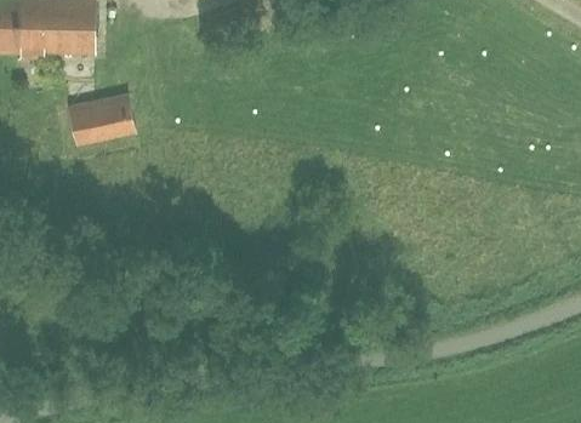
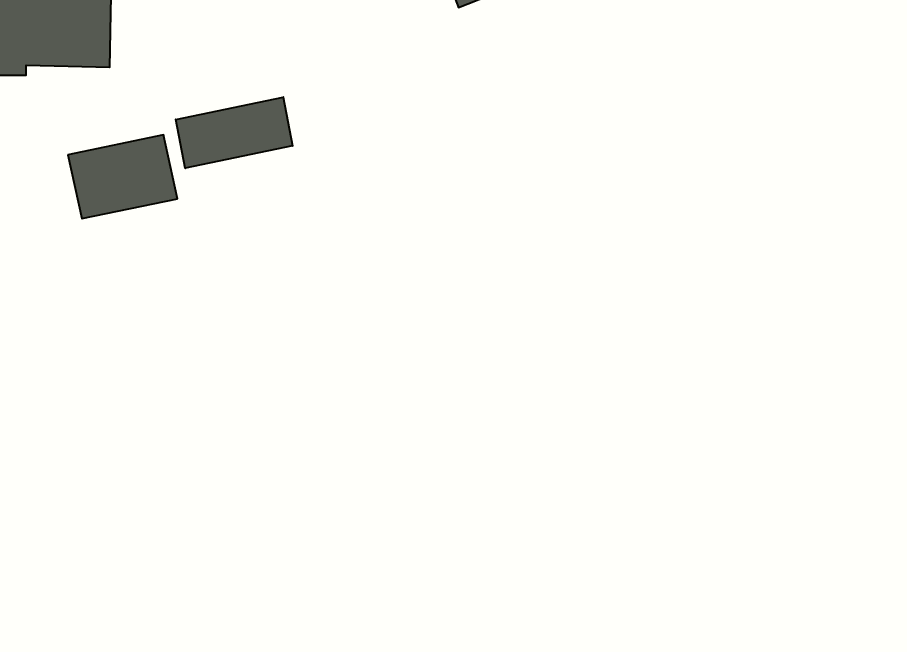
building: none -> [176,97,293,168]

